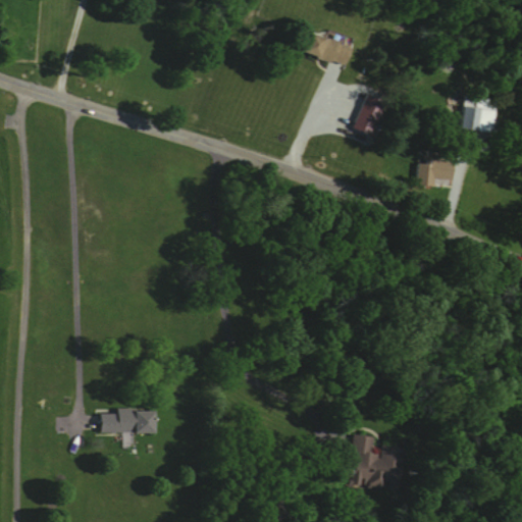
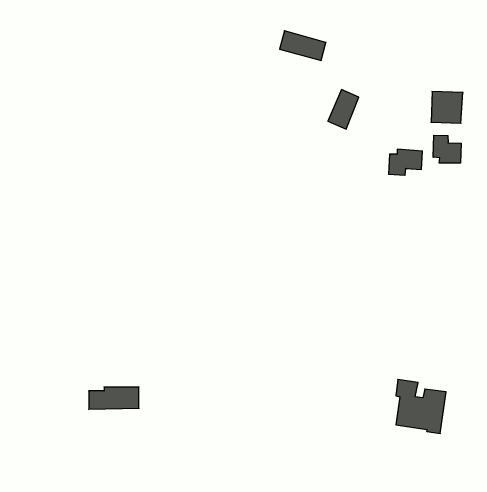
building: none -> [433,135,461,163]
building: [351,434,404,491] -> [396,379,446,433]

